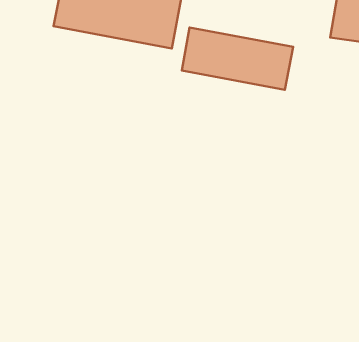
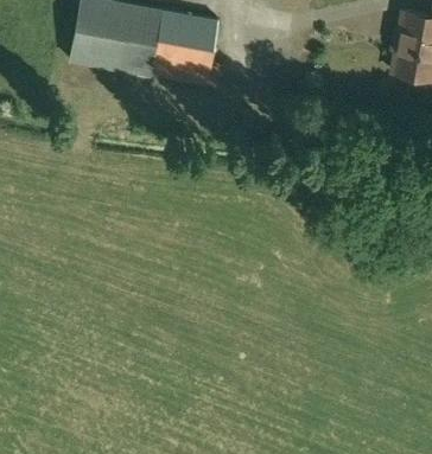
building: [182,27,293,90] -> none

